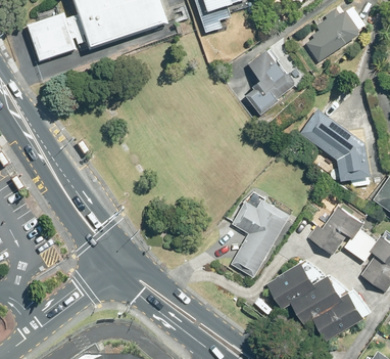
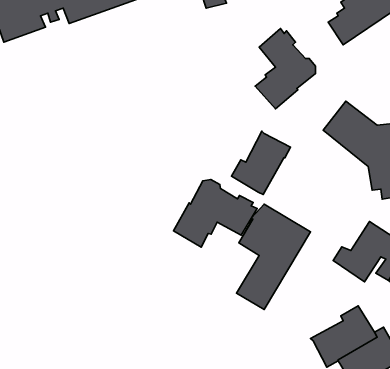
building: none -> [232,131,291,195]
building: none -> [174,179,257,247]
building: [266,263,316,309] -> none

